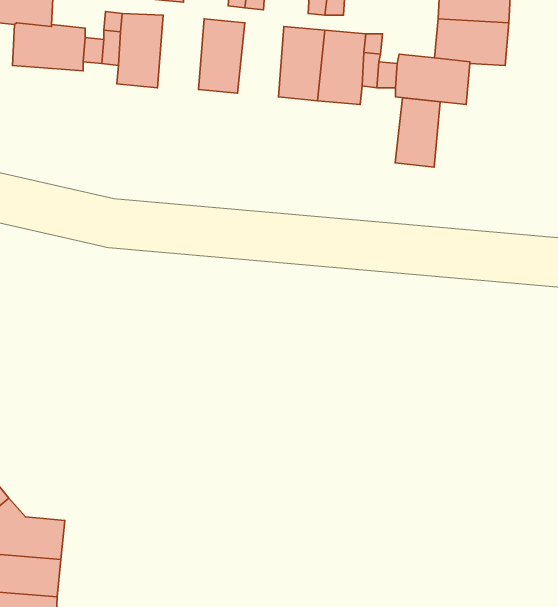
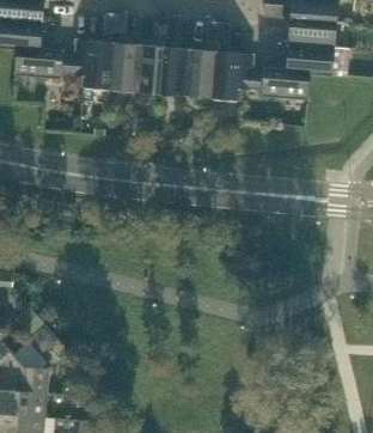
building: none -> [108,43,137,91]
building: none -> [159,48,189,96]
building: [395,98,440,167] -> none

